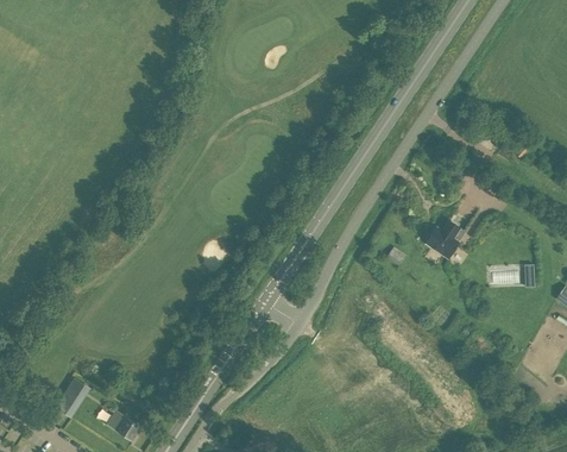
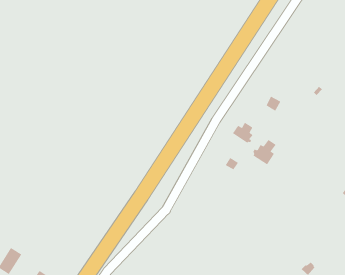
building: none -> [232,122,253,143]

